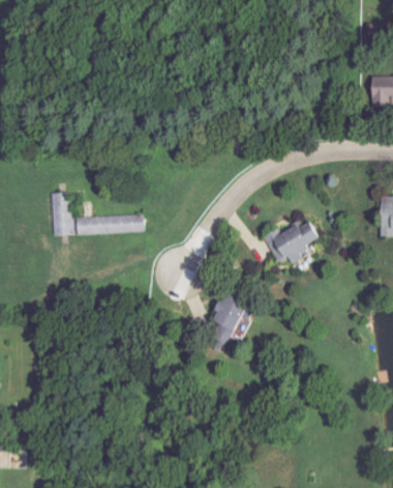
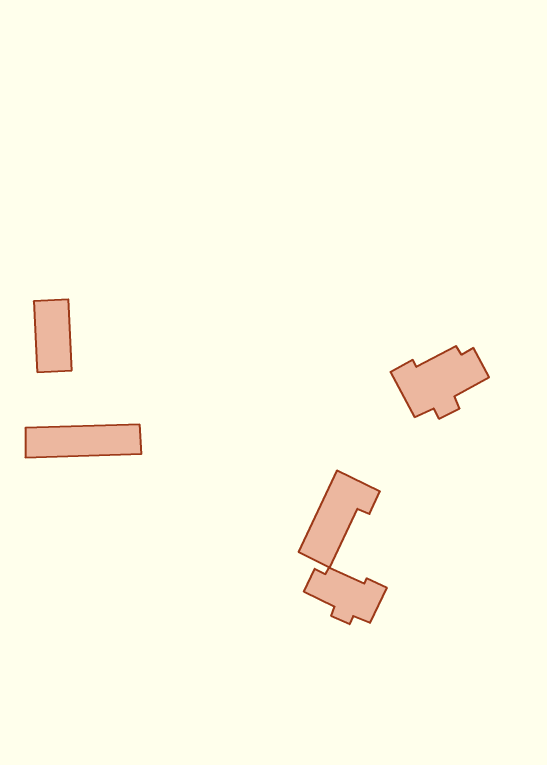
building: [77,214,146,234] -> [25,425,141,457]
building: none -> [304,567,387,624]

